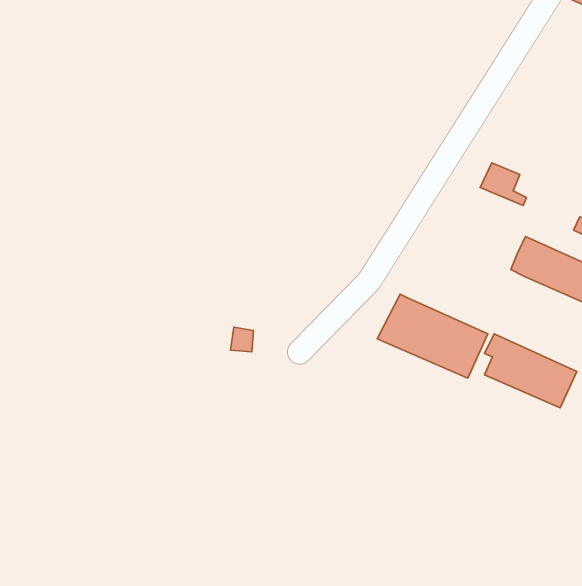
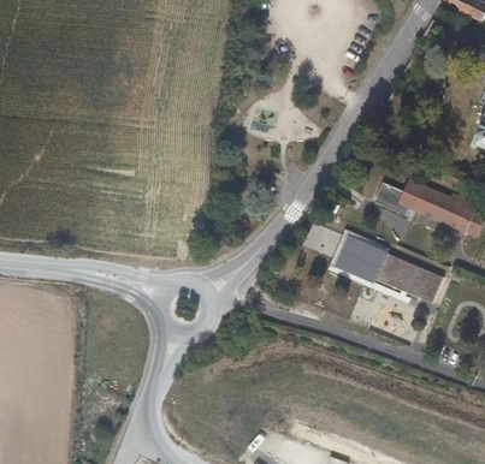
building: [480,163,526,206] -> [373,180,407,212]

